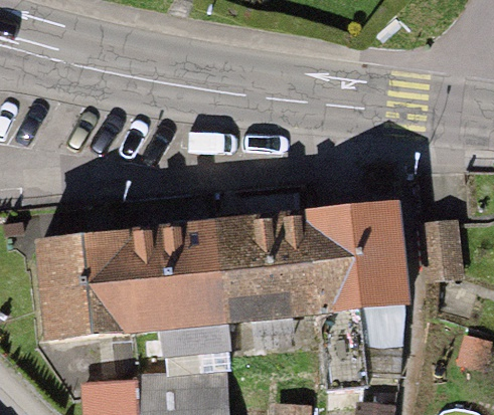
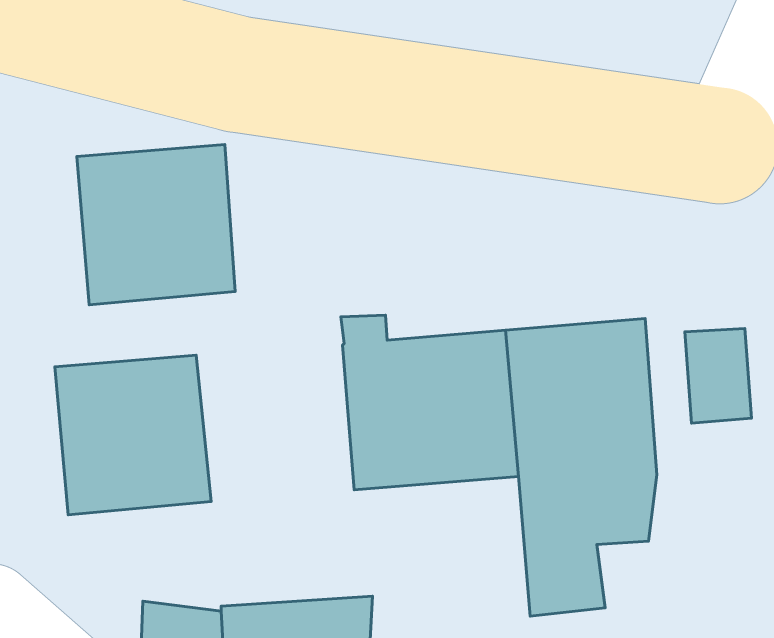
building: none -> [77,144,235,305]
building: [126,229,221,341] -> none

